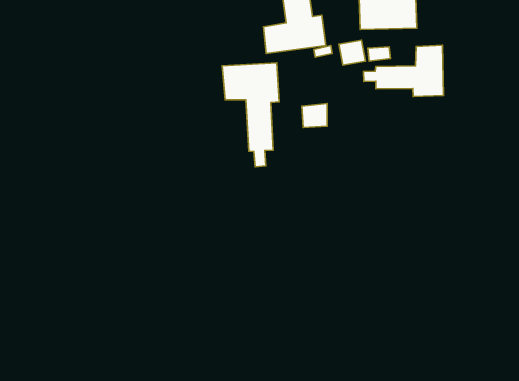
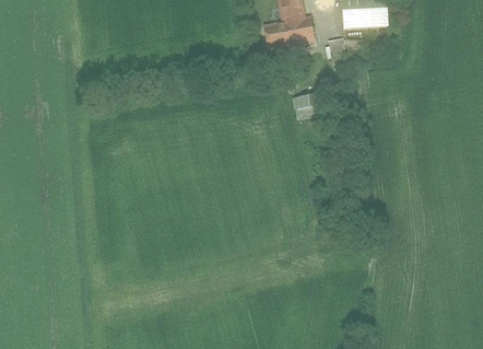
building: [363,45,444,96] -> none
building: [222,63,279,167] -> none

